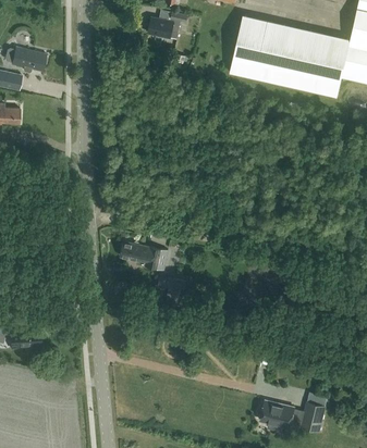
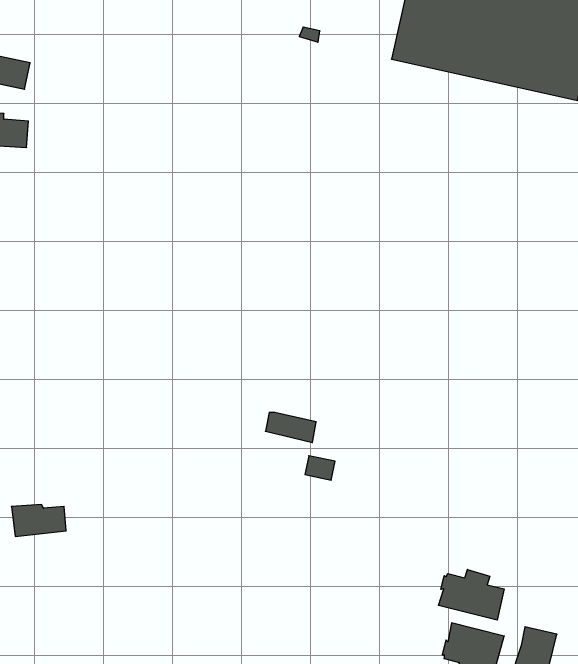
building: [11,47,46,72] -> none
building: [121,241,163,269] -> none
building: none -> [438,569,504,620]

